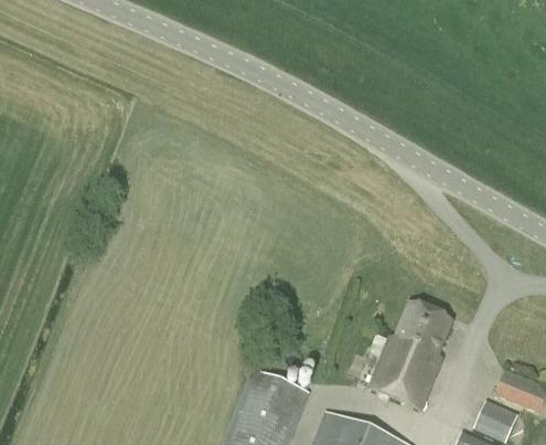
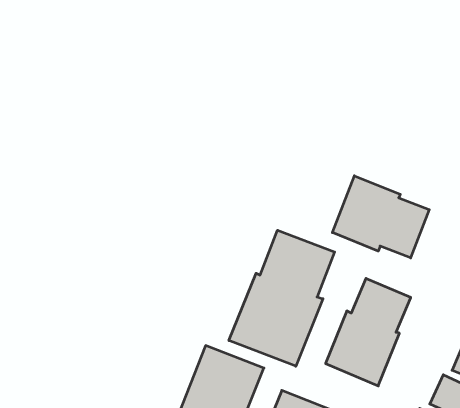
building: none -> [332,176,429,258]
building: none -> [229,230,335,366]

